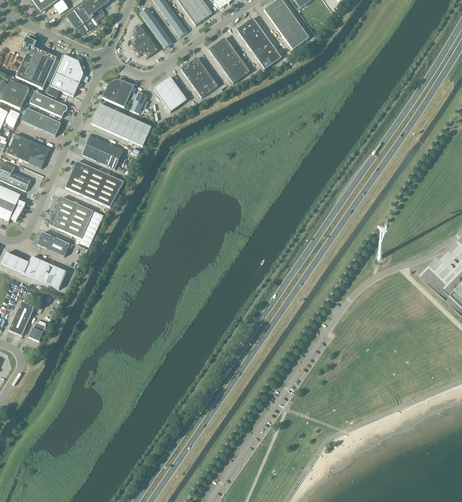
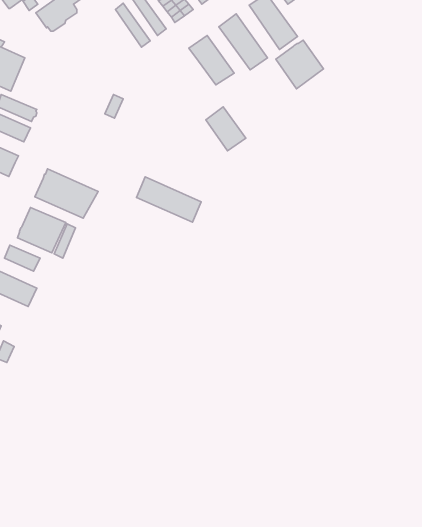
building: [130,23,158,57] -> none
building: none -> [276,40,323,89]
building: [47,54,83,97] -> none
building: [181,56,218,97] -> [206,107,246,151]
building: [153,76,187,111] -> none
building: [102,80,134,106] -> none
building: [91,103,151,145] -> [137,177,201,222]
building: [82,133,123,168] -> none

